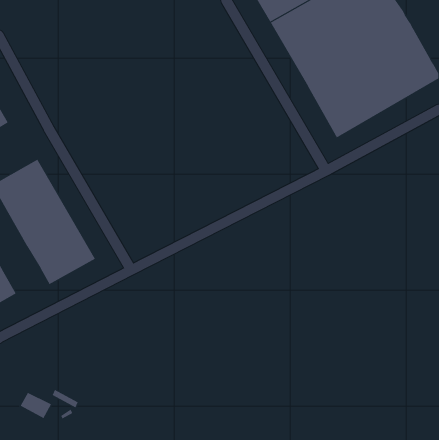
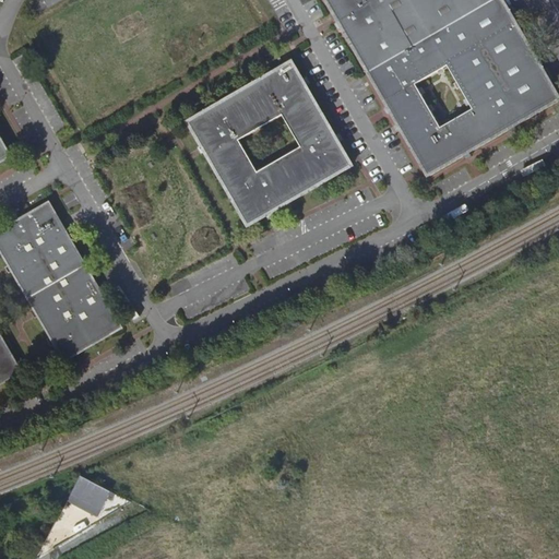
building: none -> [186,60,352,226]
building: [20,392,52,419] -> [69,475,109,509]

